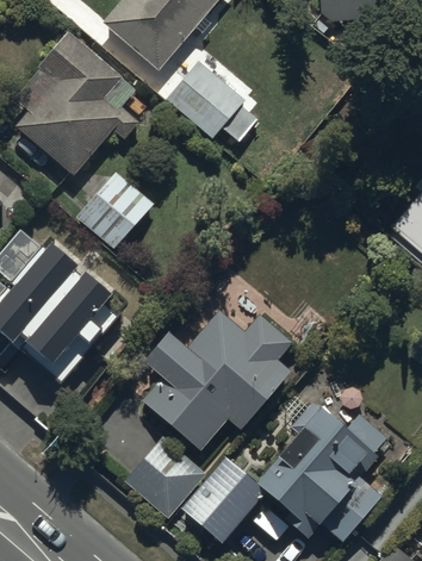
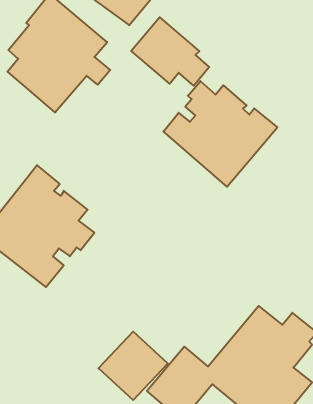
building: none -> [163,81,277,187]
building: [76,172,153,249] -> none
building: [139,308,294,450] -> none

